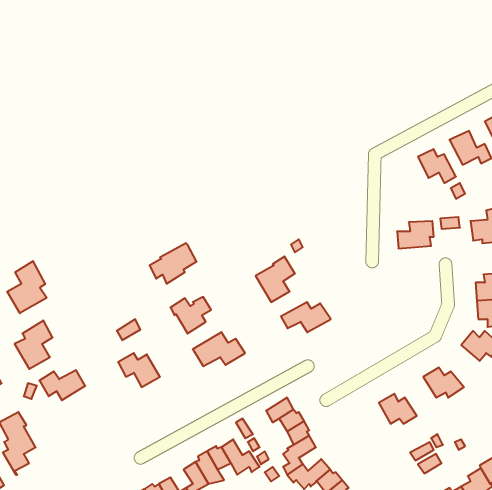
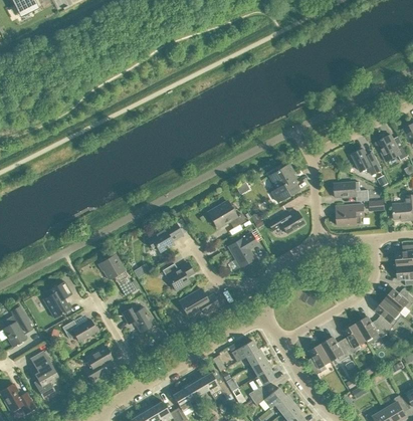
building: none -> [268,164,298,202]
building: none -> [334,182,369,201]
building: none -> [207,201,245,228]
building: [7,261,47,313] -> none
building: none -> [97,254,127,280]
building: [281,302,331,332] -> [266,210,304,233]
building: none -> [376,299,399,332]
building: none -> [342,324,366,354]
building: none -> [307,344,331,374]
building: none -> [84,346,112,380]

